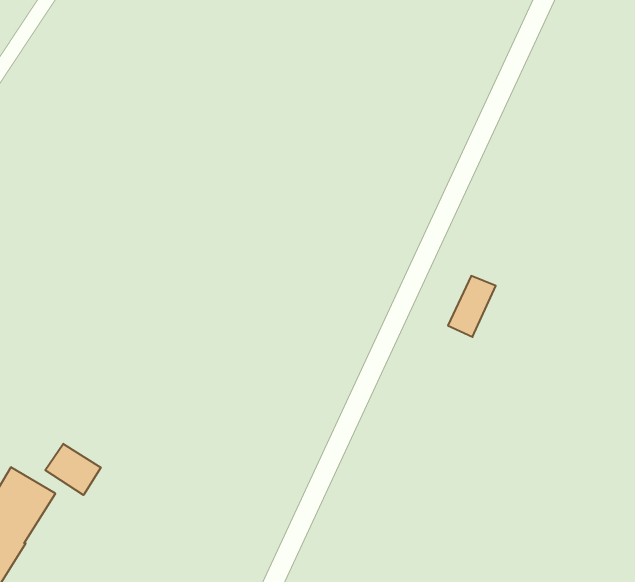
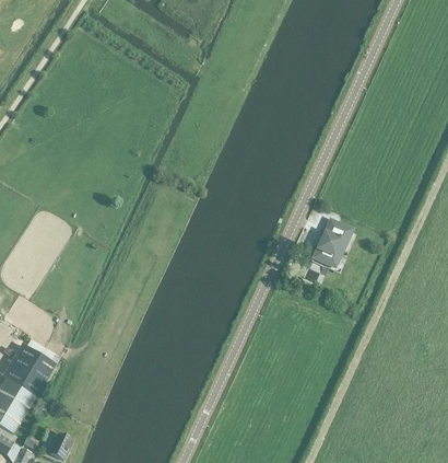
building: [45,444,101,495] -> none

